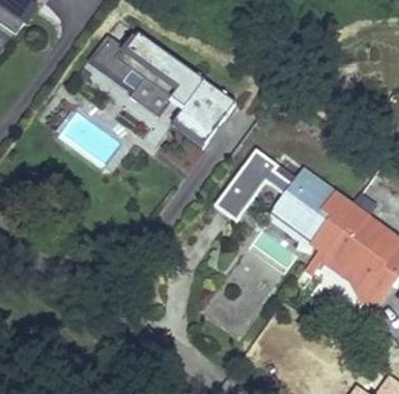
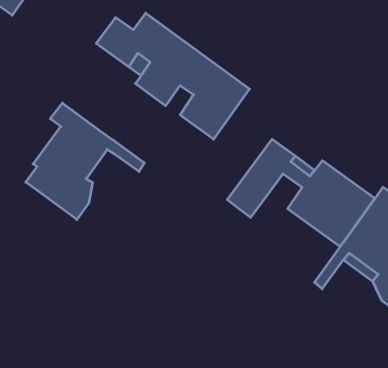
building: none -> [26,103,144,220]

